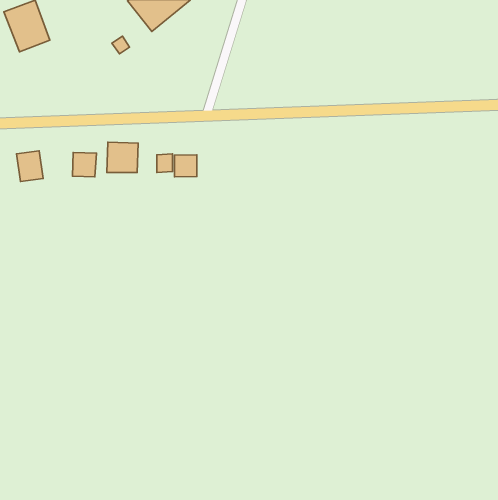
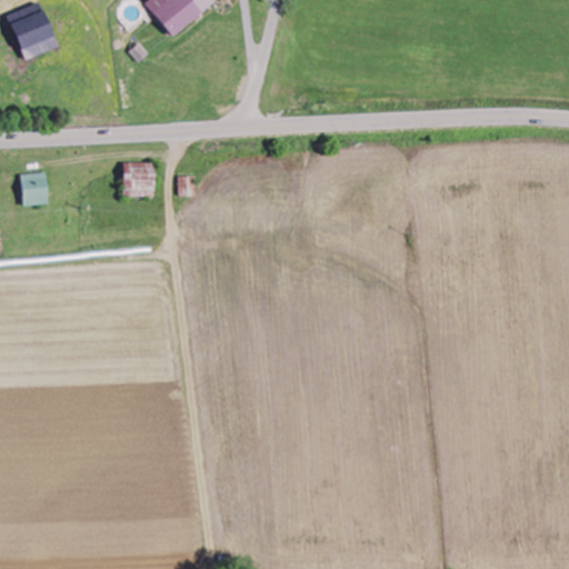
building: [72,152,96,177] -> none
building: [174,155,197,177] -> none

